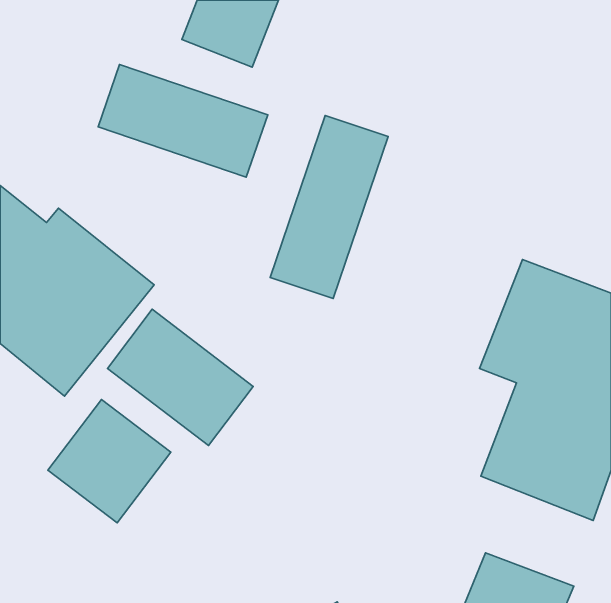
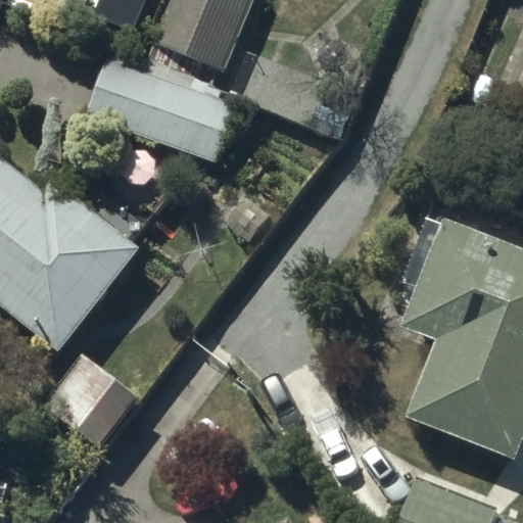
building: [270,116,388,298] -> none
building: [107,309,253,446] -> none

